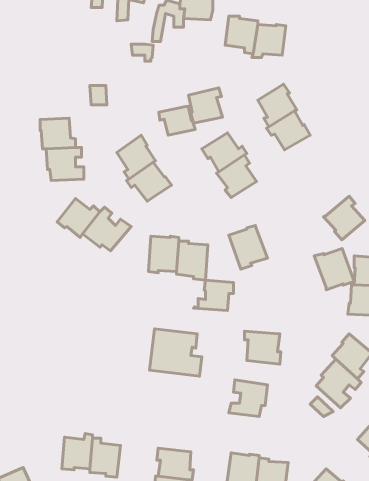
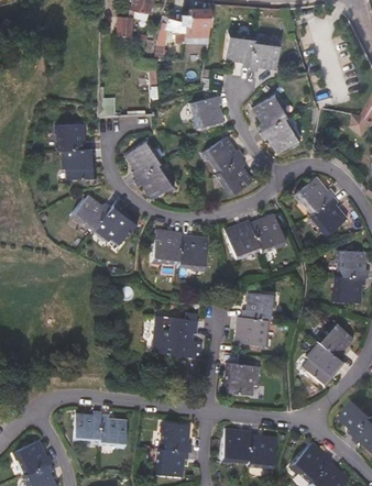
building: [159,106,195,135] -> none
building: none -> [293,176,335,212]
building: [314,249,354,290] -> [248,216,284,253]
building: [193,280,234,311] -> [238,291,274,319]

